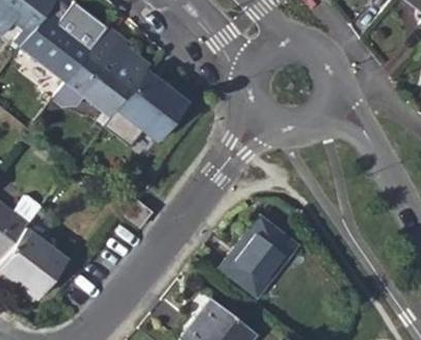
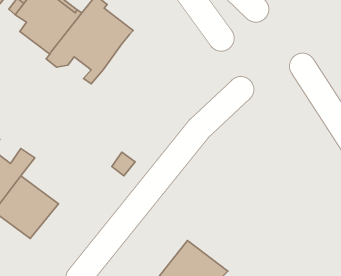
building: [117,70,187,140] -> none
building: [222,217,296,294] -> none

